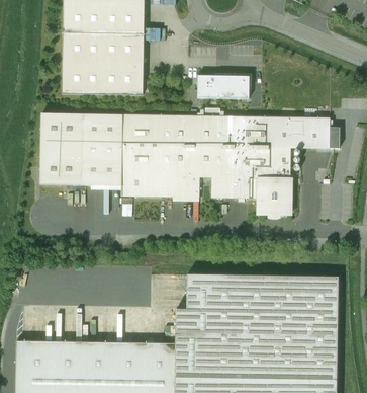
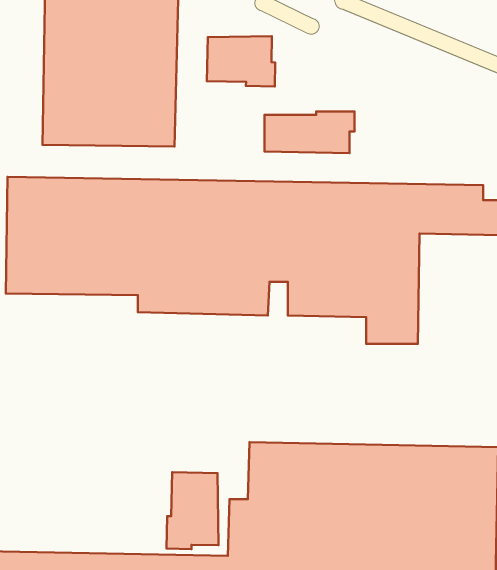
building: none -> [207,36,275,86]
building: none -> [167,472,218,549]

